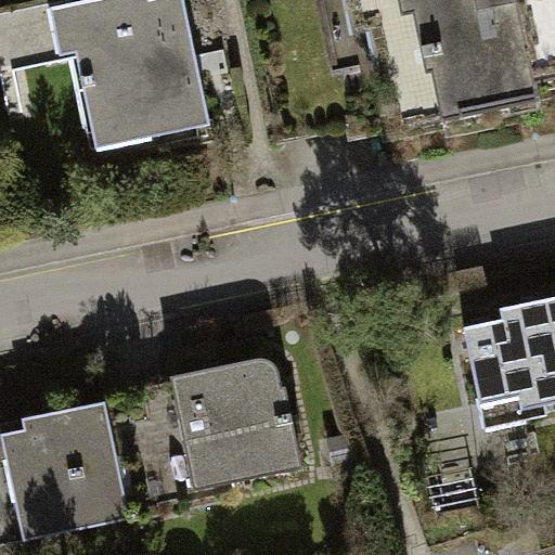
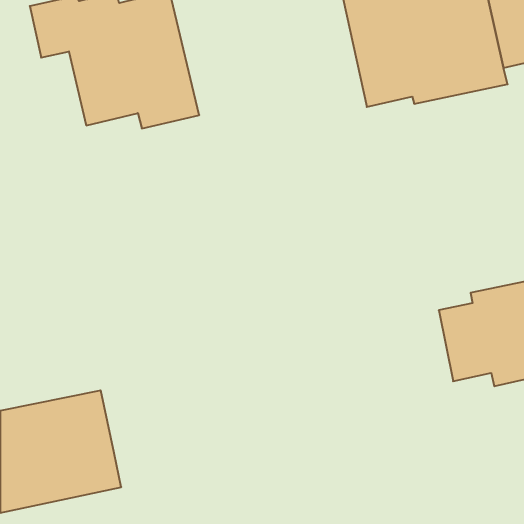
building: [107,354,298,489] -> none

